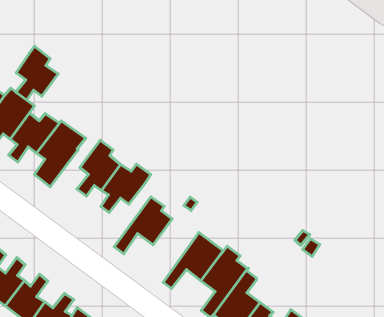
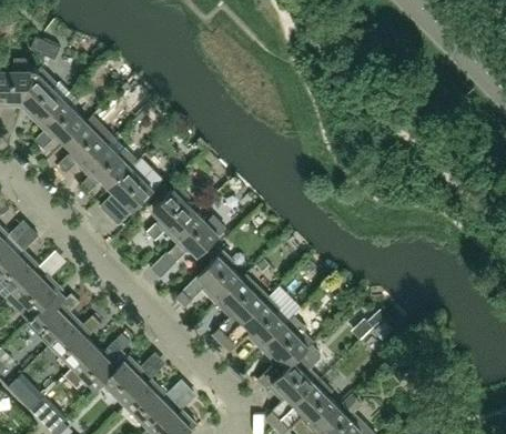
building: [16,46,58,100] -> none
building: none -> [212,279,266,344]

